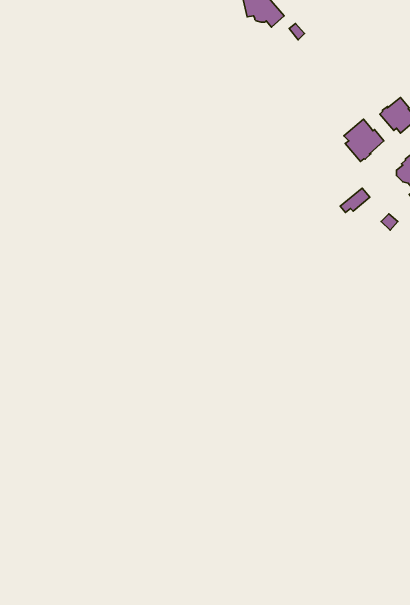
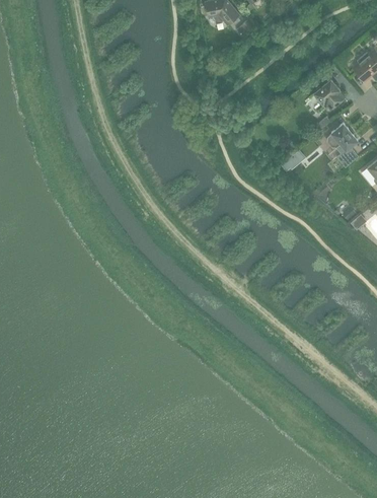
building: [344,119,384,161] -> none

